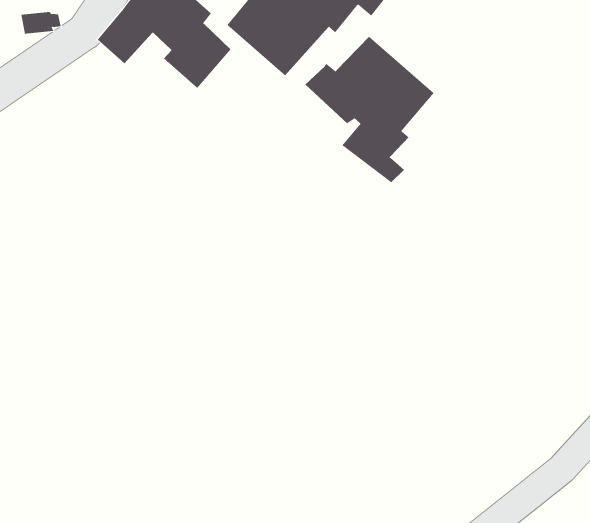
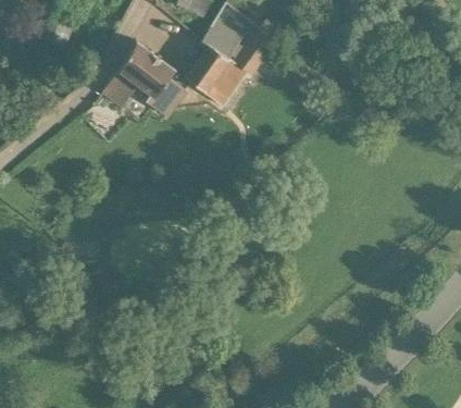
building: [305,36,434,183] -> none

